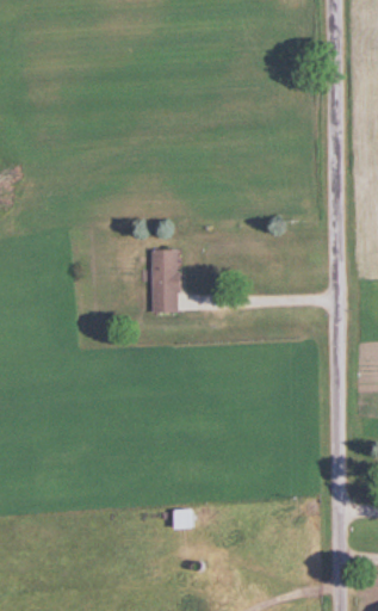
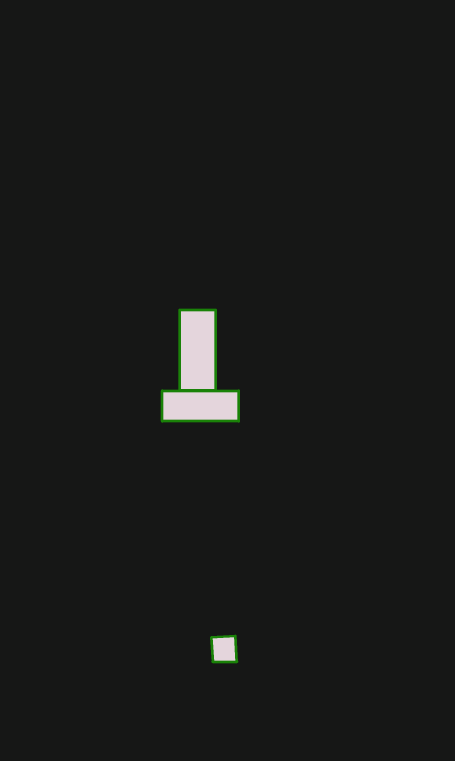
building: none -> [162,391,239,421]

